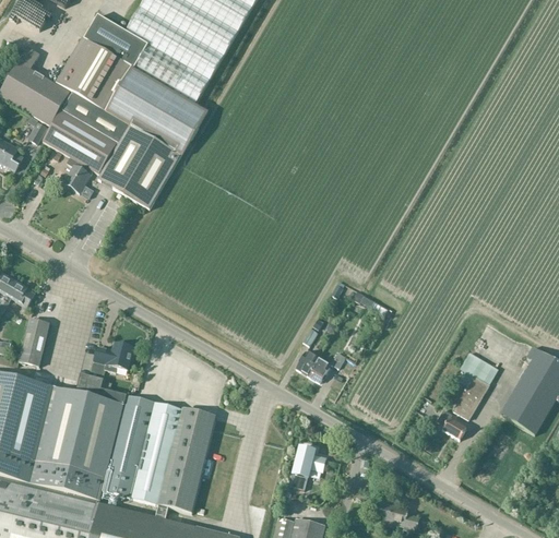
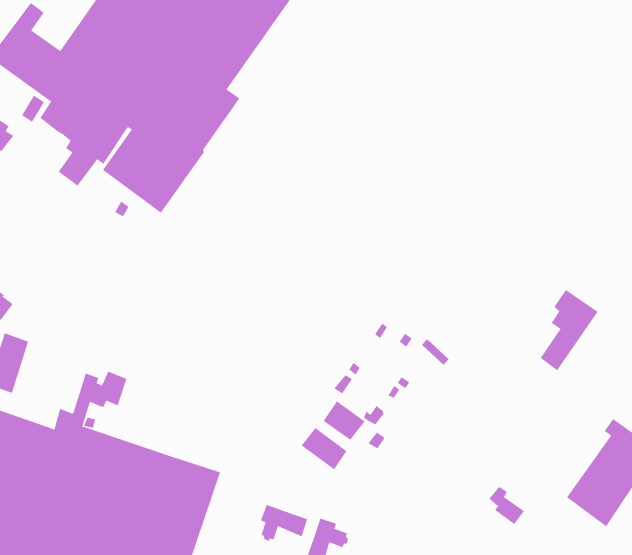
building: [453,351,498,419] -> [540,289,598,371]
building: none -> [301,427,347,470]
building: none -> [260,504,308,542]

